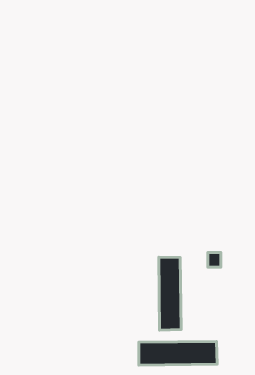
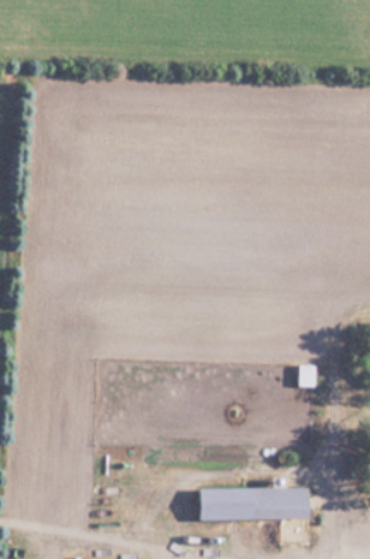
building: [159,257,181,330] -> none

